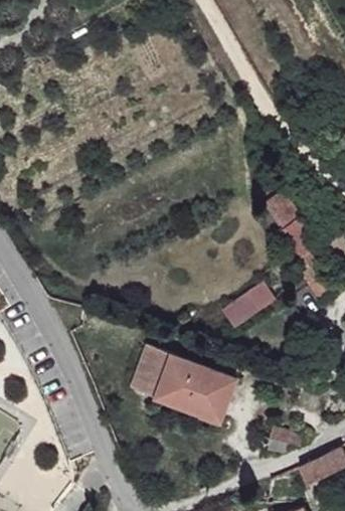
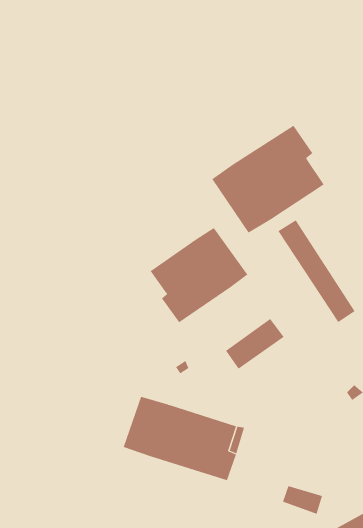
building: none -> [211,125,325,234]
building: none -> [150,227,248,323]

